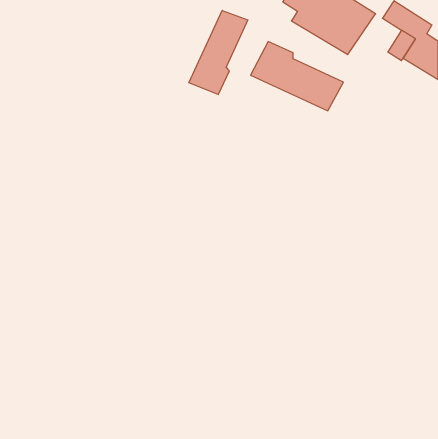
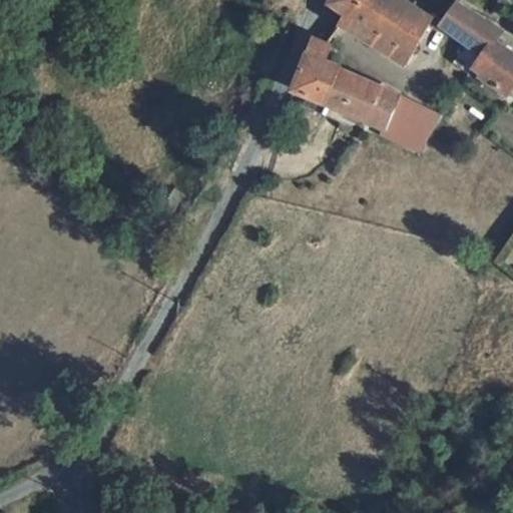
building: [189,10,248,95] -> none
building: none -> [379,95,441,148]

